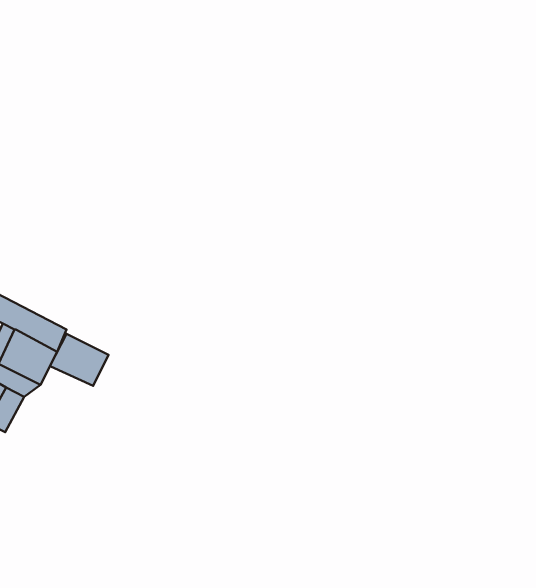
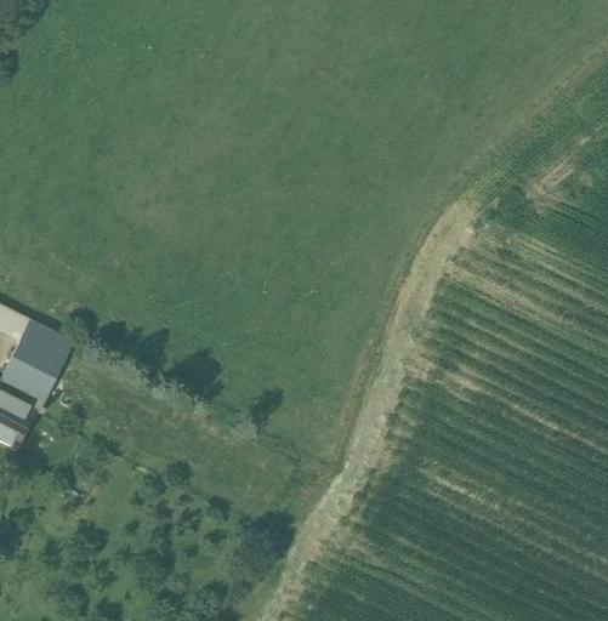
building: [50,334,109,386] -> none

